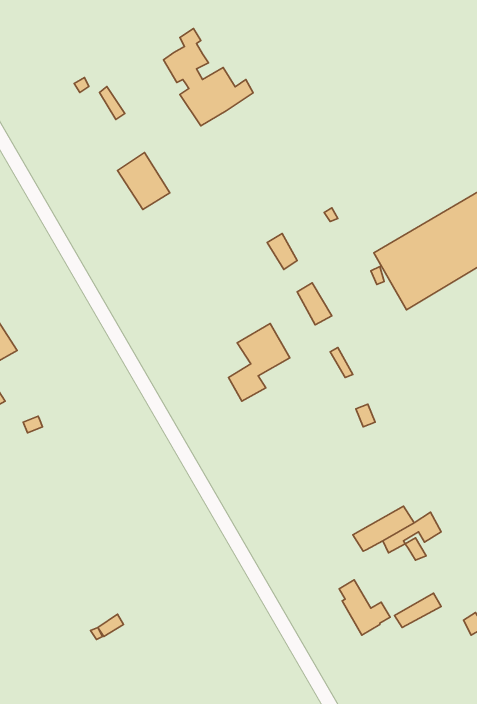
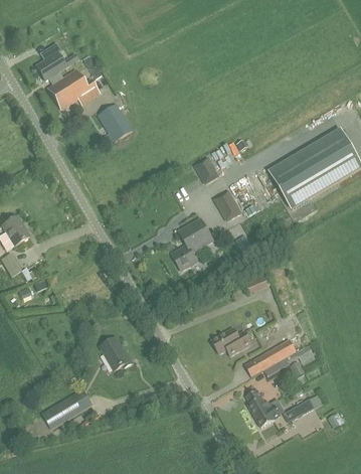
building: [163,28,253,126] -> [35,43,96,109]
building: none -> [210,328,250,355]
building: none -> [100,337,131,369]
building: none -> [42,389,91,428]

